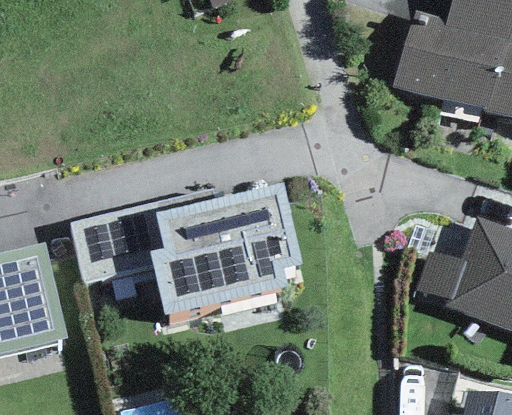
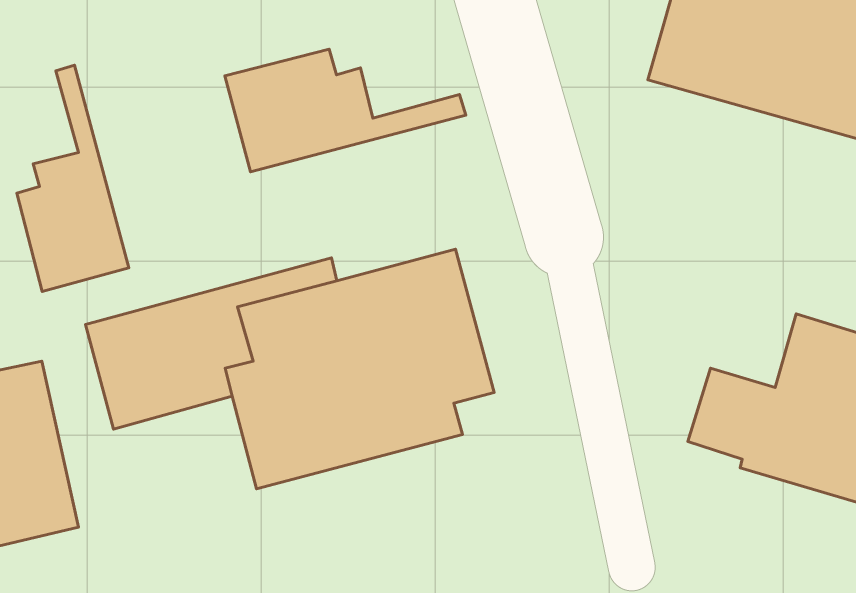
building: none -> [225,49,466,172]
building: none -> [17,65,129,291]

